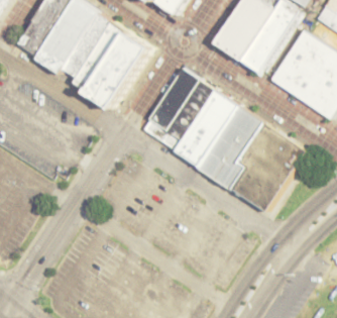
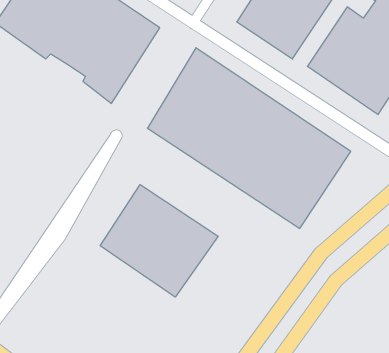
building: none -> [100,185,218,297]

